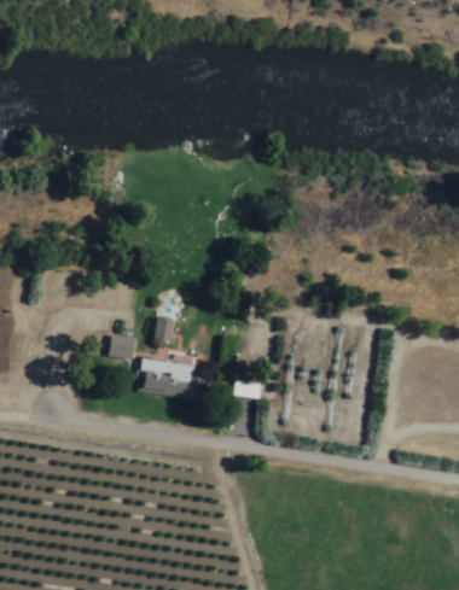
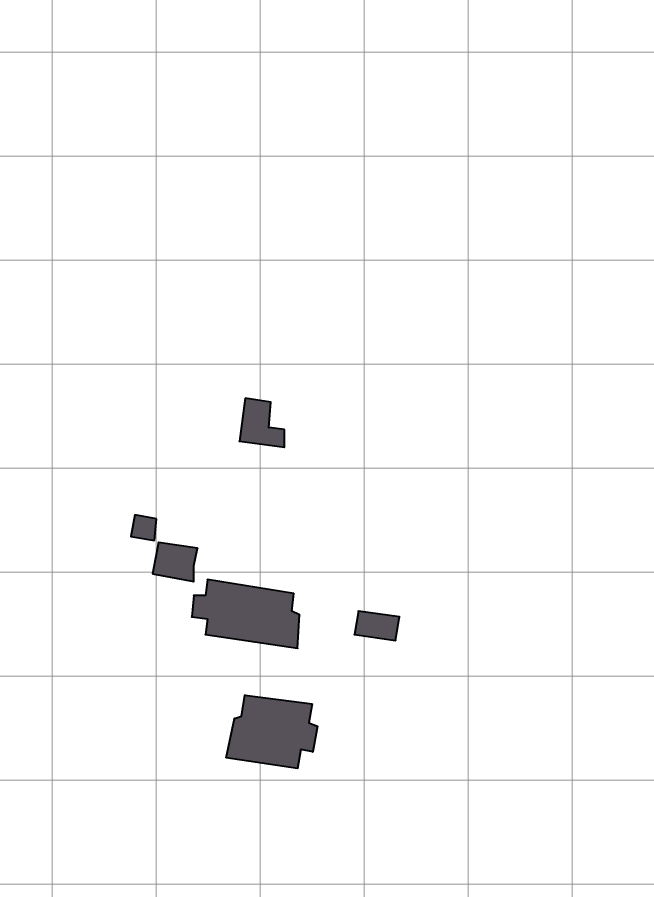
building: [153,317,181,347] -> [239,398,284,447]
building: none -> [226,695,318,768]

